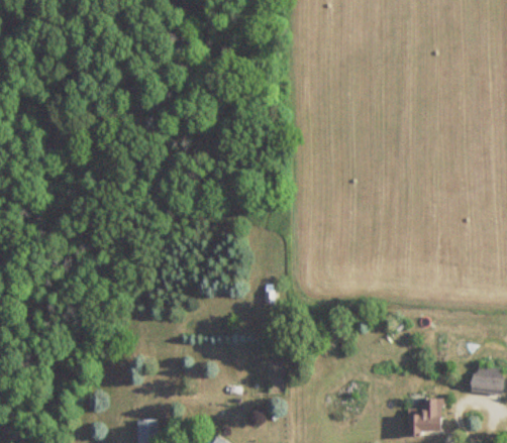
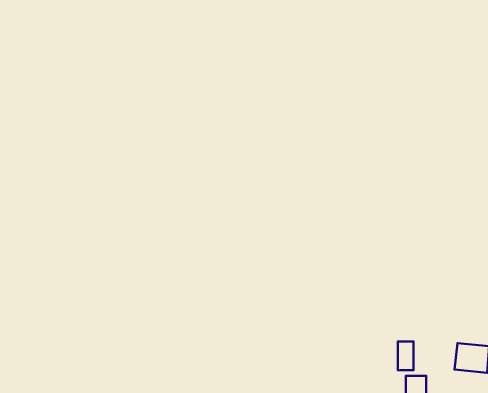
building: none -> [398,341,413,370]

